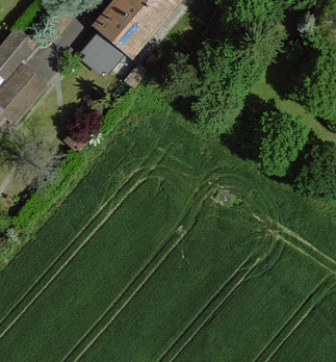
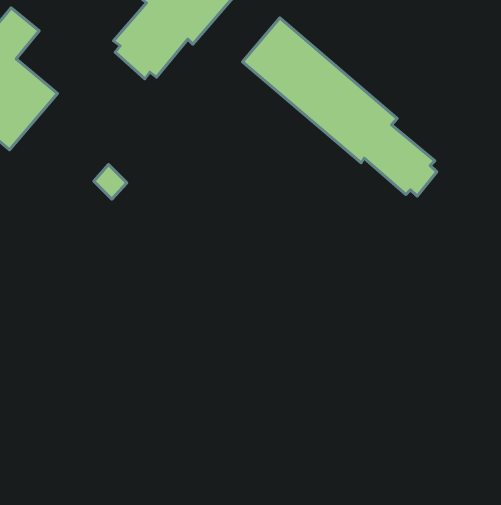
building: none -> [242,18,437,196]

